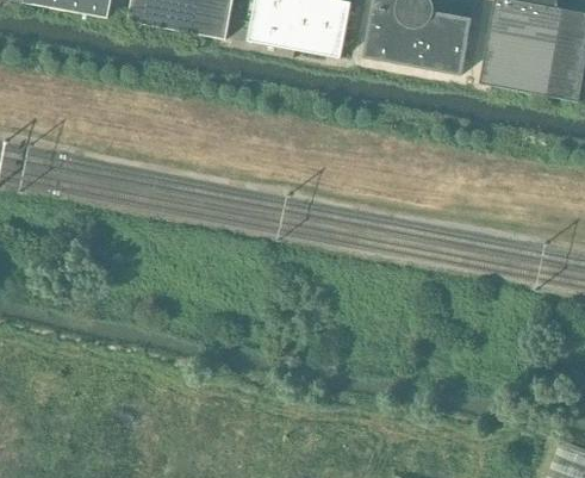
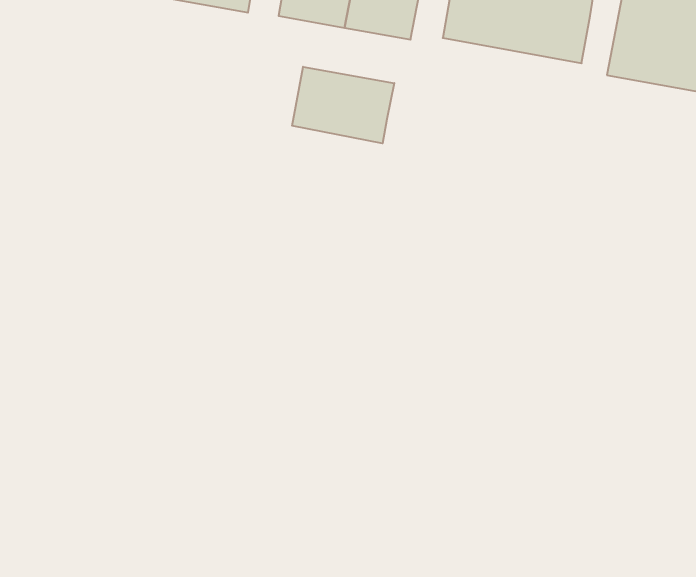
building: none -> [292,67,394,143]

